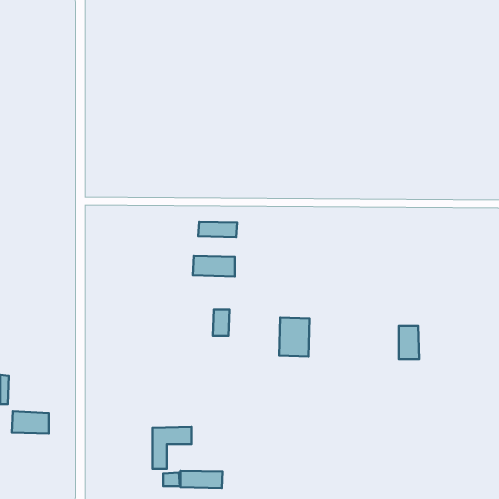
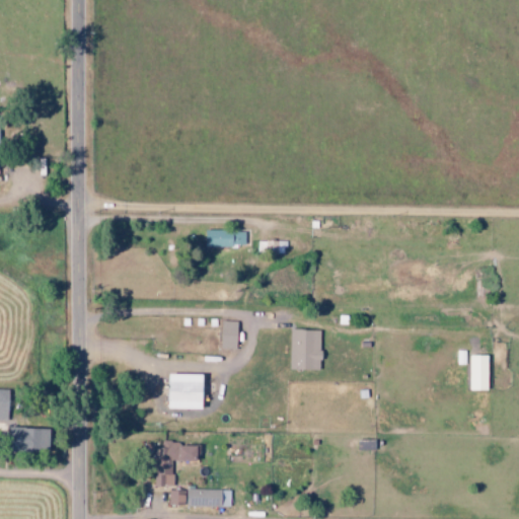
building: [193,256,235,276] -> none
building: [399,326,419,359] -> [468,356,490,390]
building: none -> [169,374,205,409]

